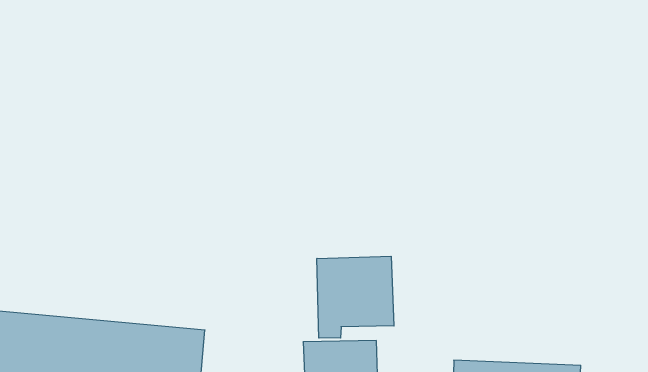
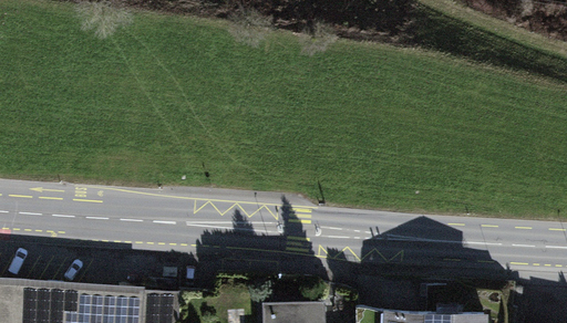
building: [317,256,394,338] -> none

